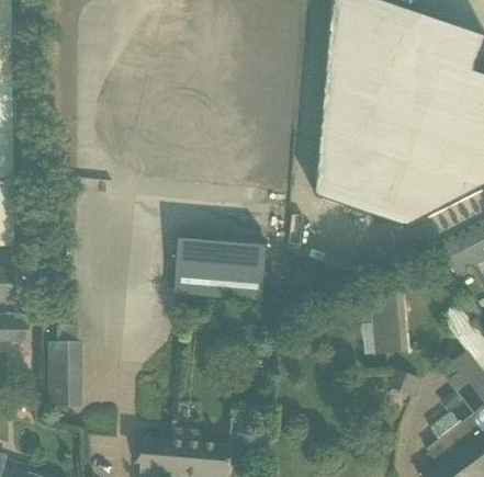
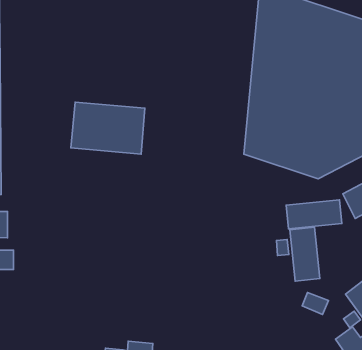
building: [172,236,264,300] -> [71,102,145,154]
building: none -> [286,200,342,229]
building: [49,342,82,406] -> none

